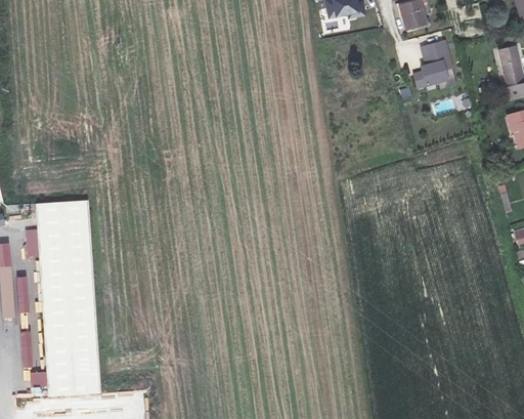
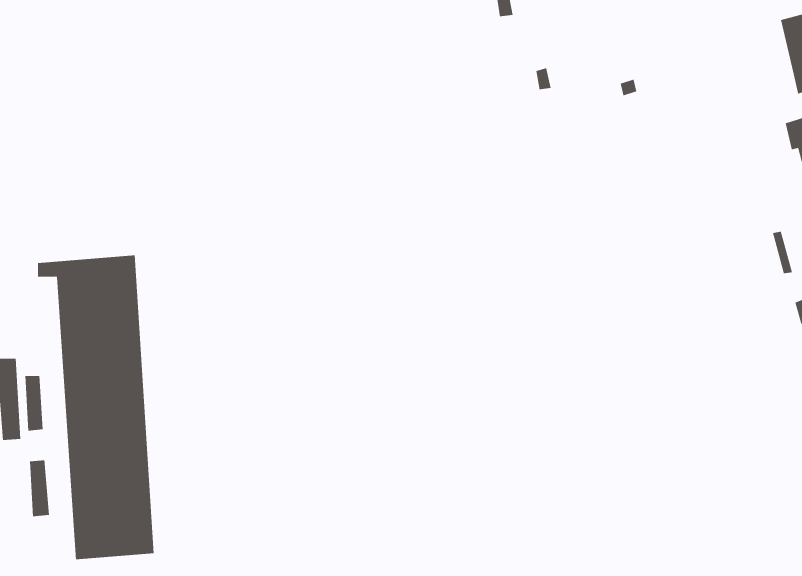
building: [411,39,455,89] -> none

